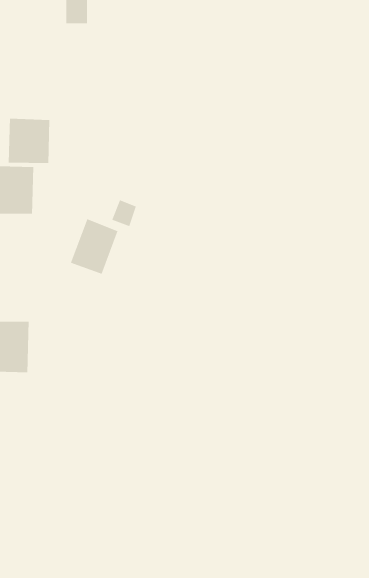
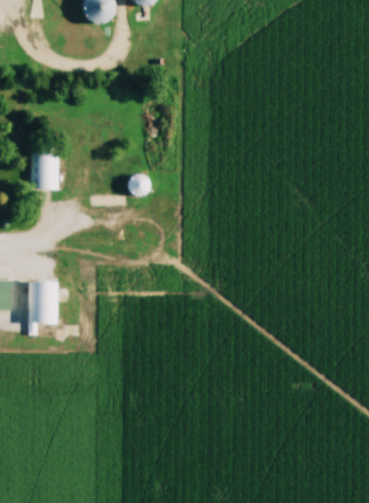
building: [8,118,50,164] -> none
building: [70,218,119,275] -> none

